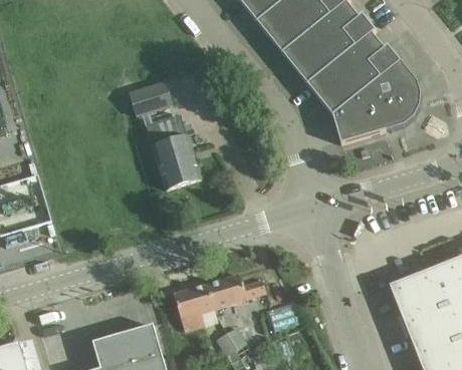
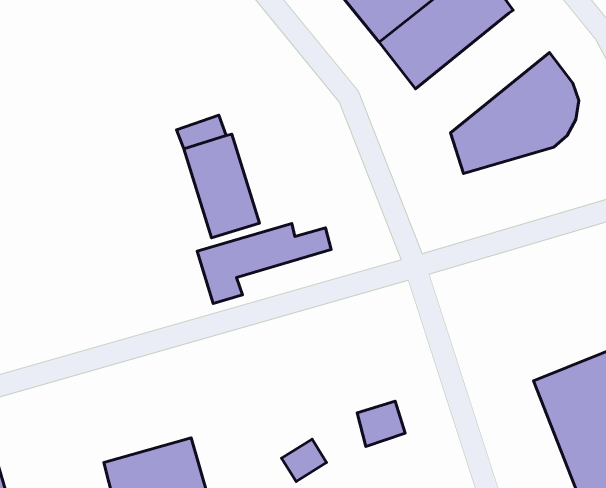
building: [308,32,401,114] -> none
building: [130,77,174,114] -> none
building: [175,274,267,329] -> [197,223,331,304]

